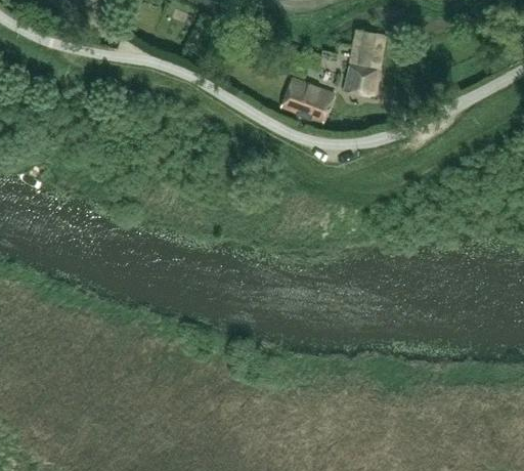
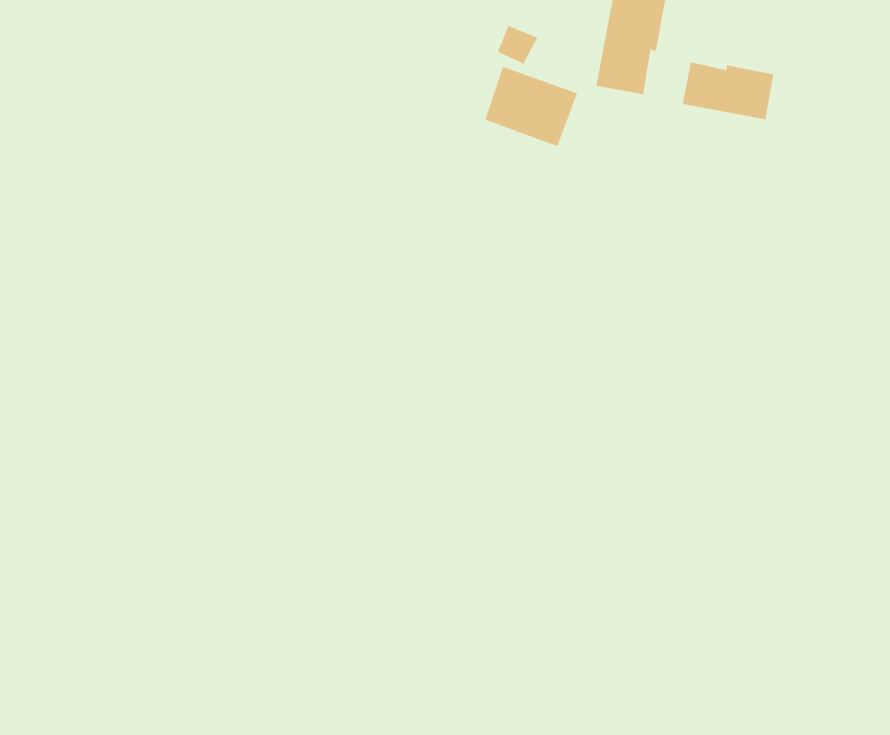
building: none -> [682,62,774,120]

